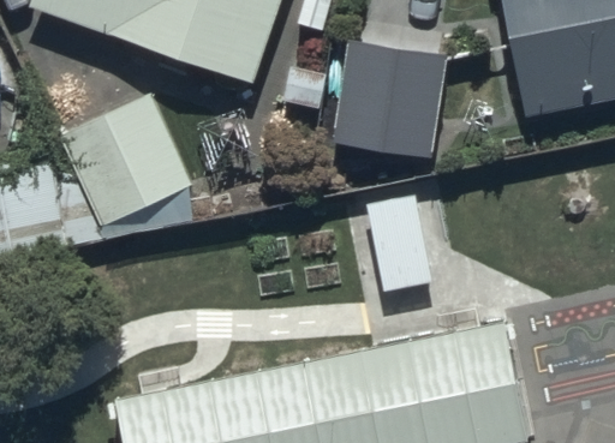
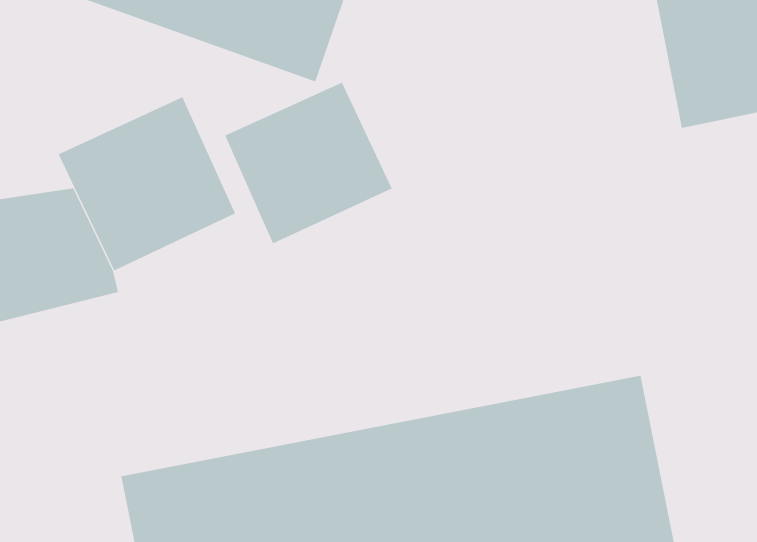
building: [330,38,454,172] -> none
building: none -> [224,82,393,244]

